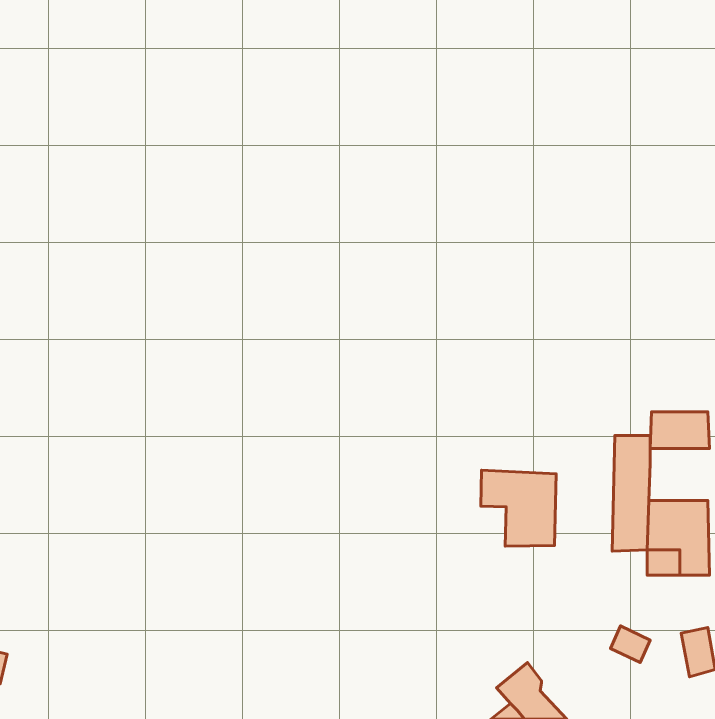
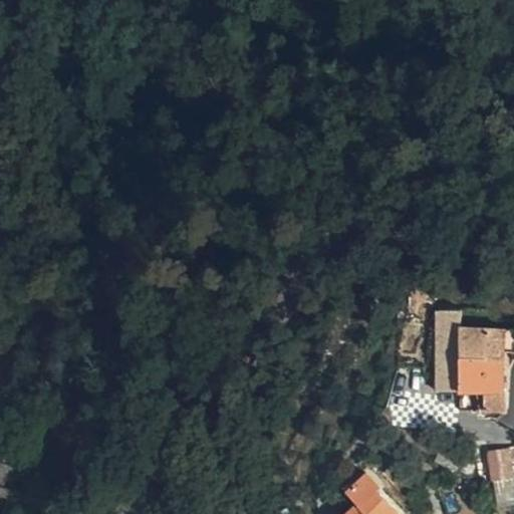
building: [650,412,709,448] -> [462,330,504,356]
building: [481,470,556,546] -> none

